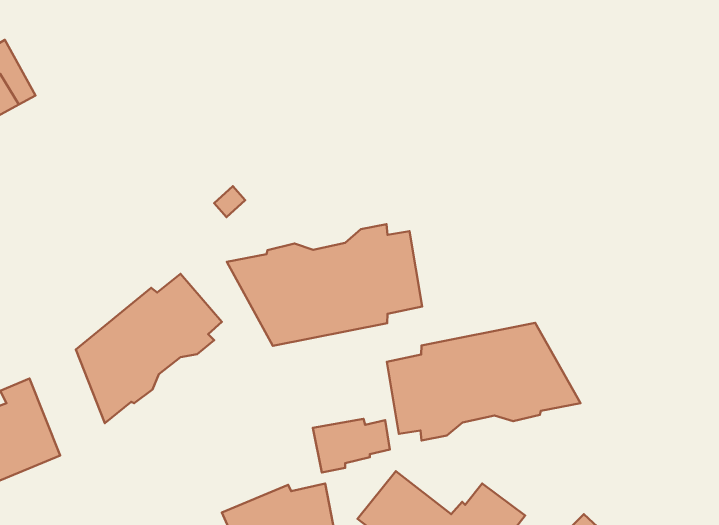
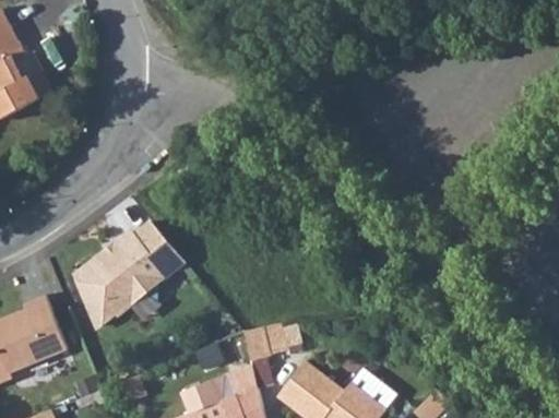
building: [227,224,422,346] -> none
building: [387,323,580,440] -> none

